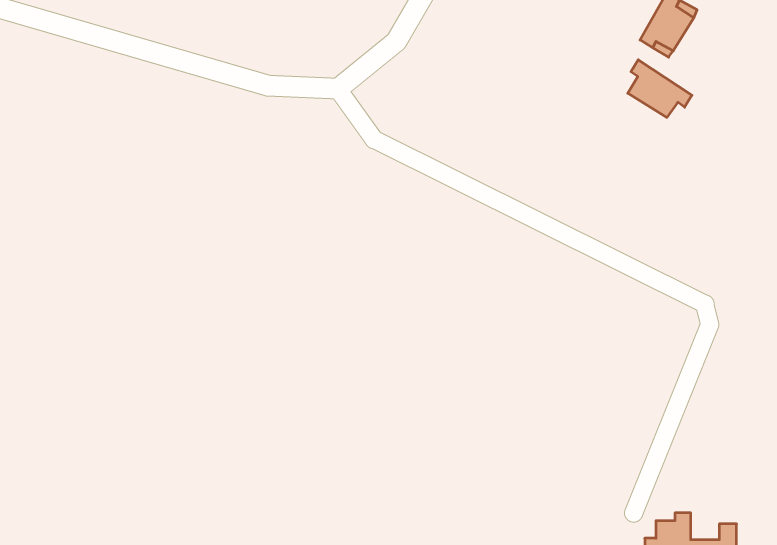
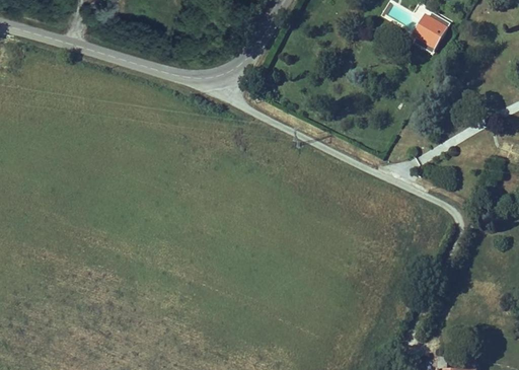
building: [628,60,692,117] -> none

